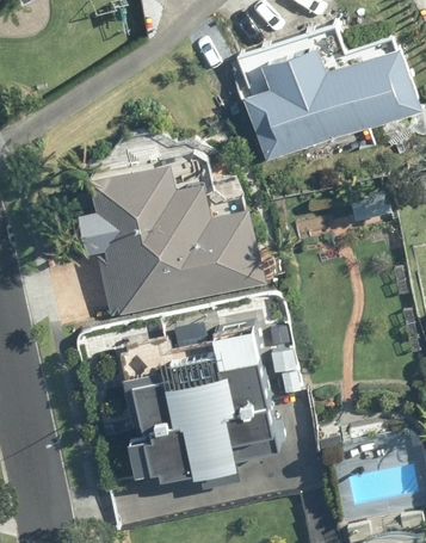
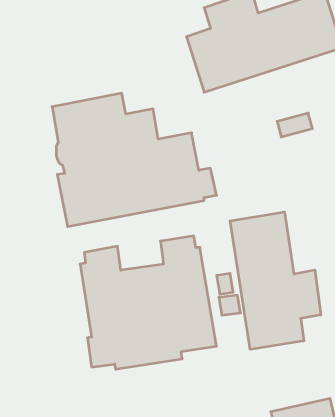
building: none -> [230,212,321,349]

